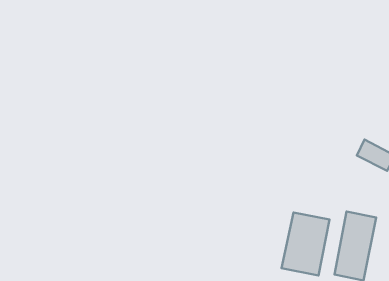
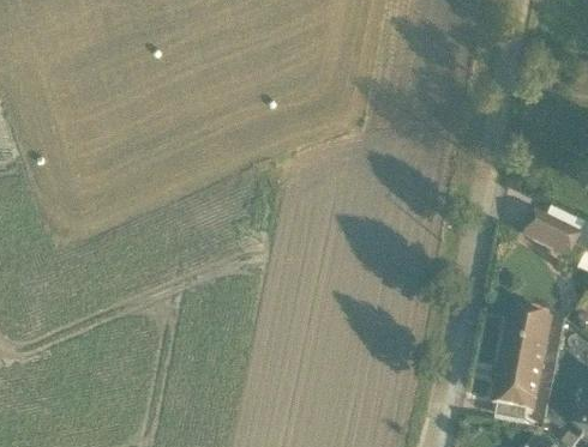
building: [282,213,330,276] -> none

